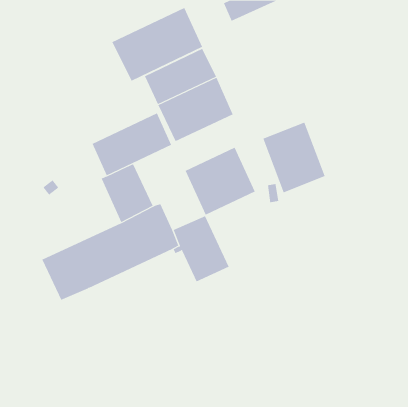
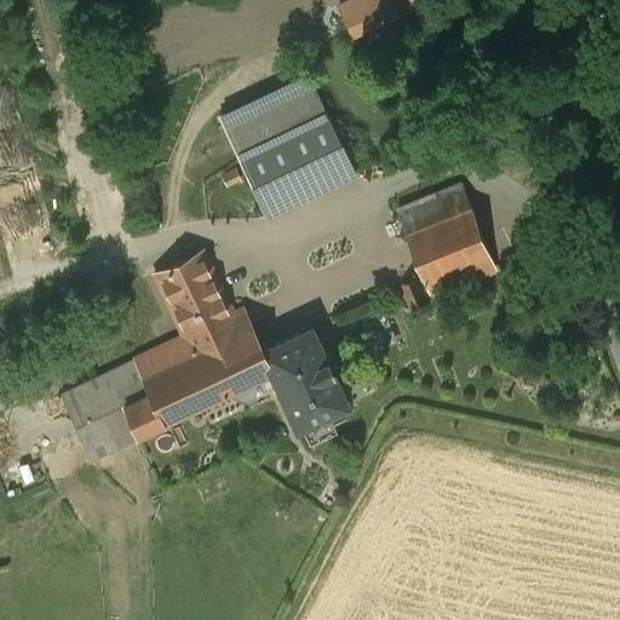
building: [112,7,203,81] -> none
building: [92,113,172,176] -> none
building: [185,147,256,216] -> none

